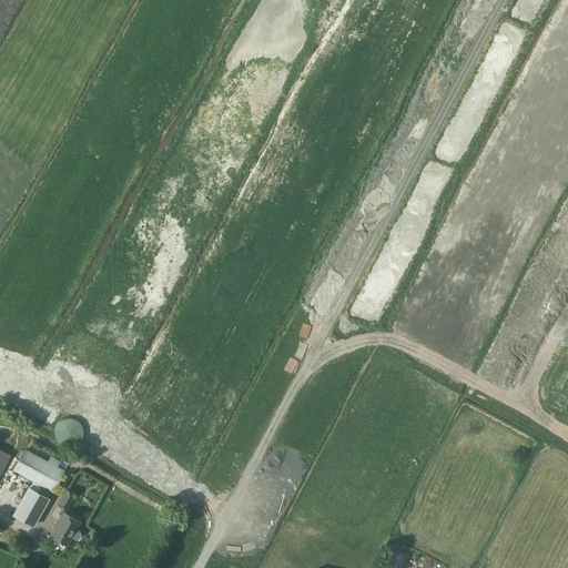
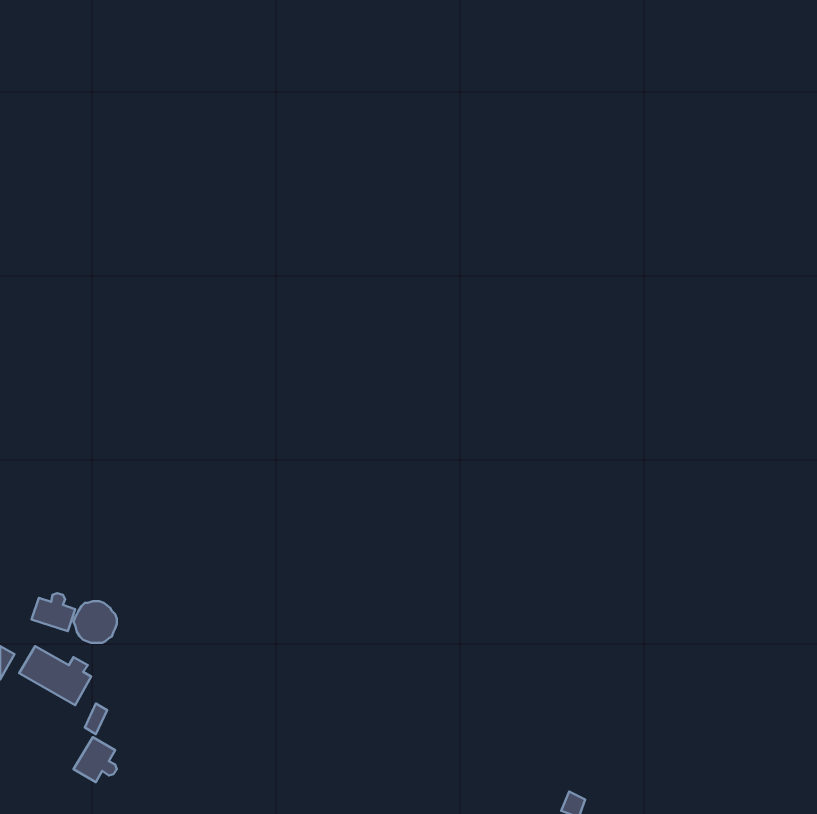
building: none -> [32,593,75,631]
building: [12,487,48,528] -> none

